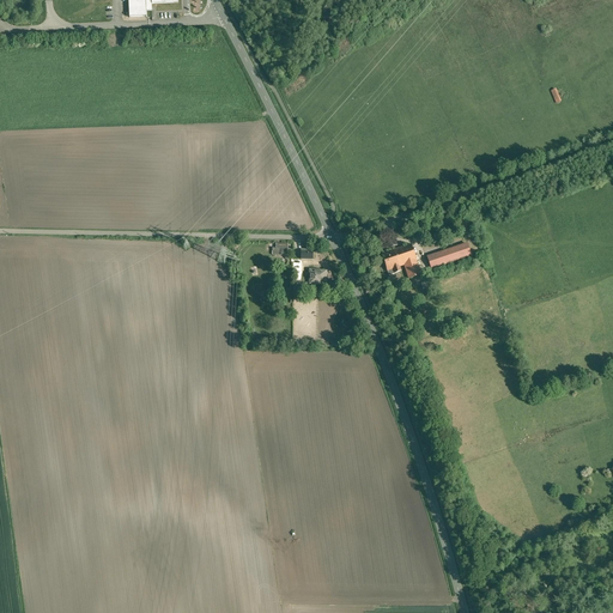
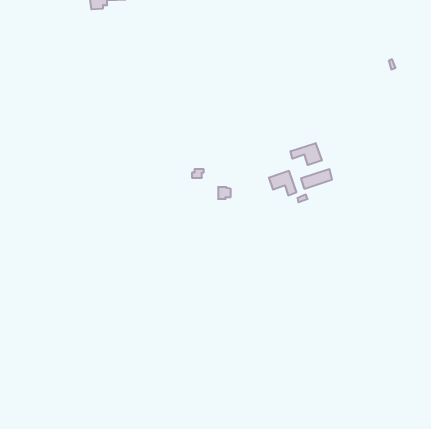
building: none -> [291,143,322,165]

